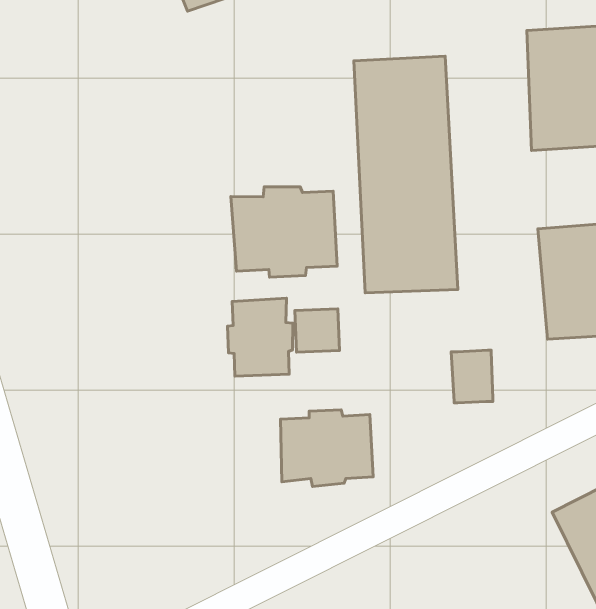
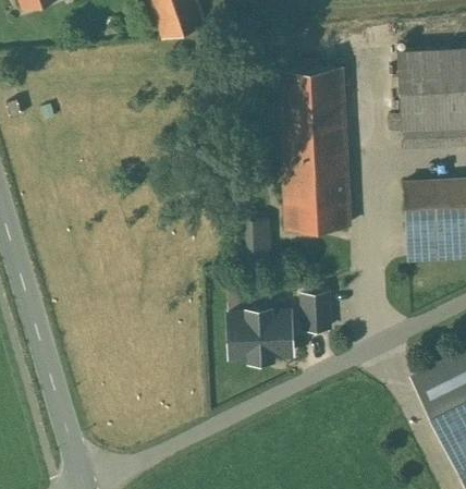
building: [231,187,337,277] -> none
building: [227,298,293,376] -> none
building: [451,350,493,403] -> [303,295,331,331]

